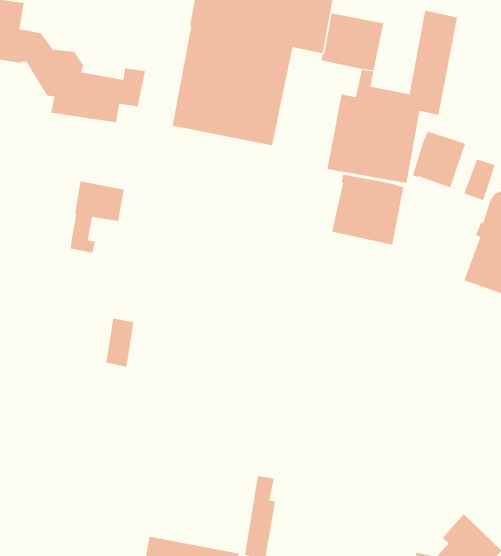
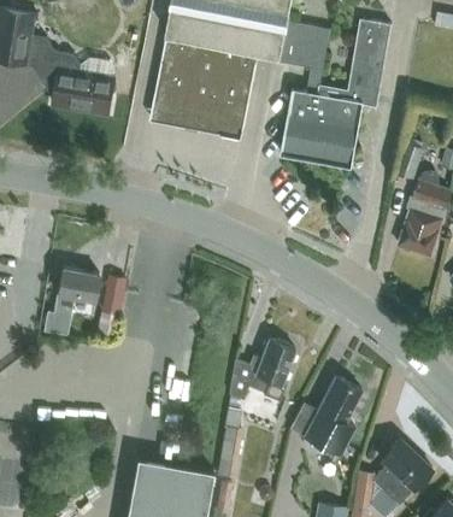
building: [412,131,466,188] -> none
building: [332,174,404,245] -> none
building: [70,181,125,253] -> [52,268,98,328]
building: none -> [226,340,294,401]
building: none -> [304,377,360,456]

